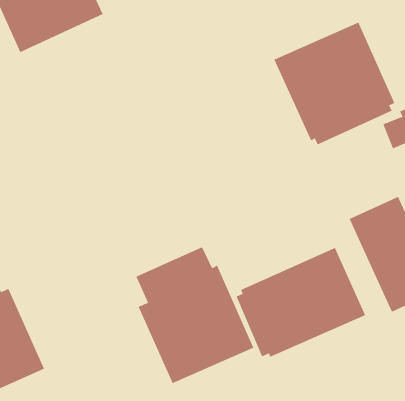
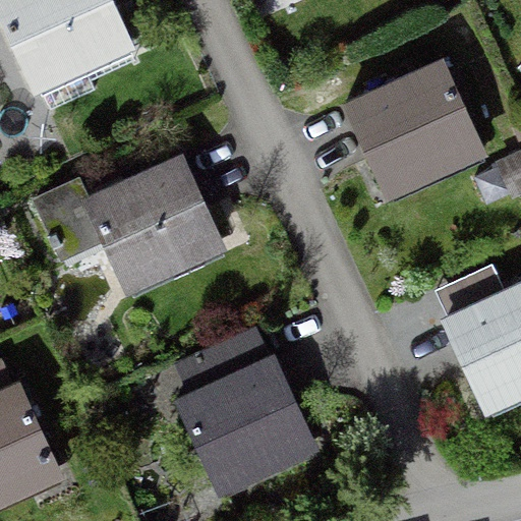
building: none -> [32,154,228,299]
building: [236,247,366,357] -> none

